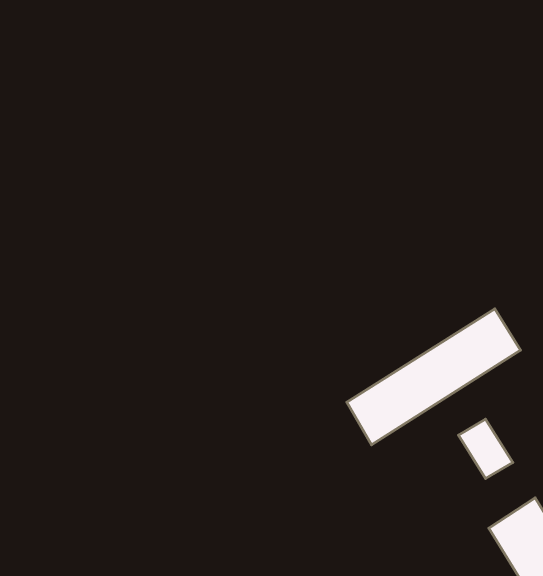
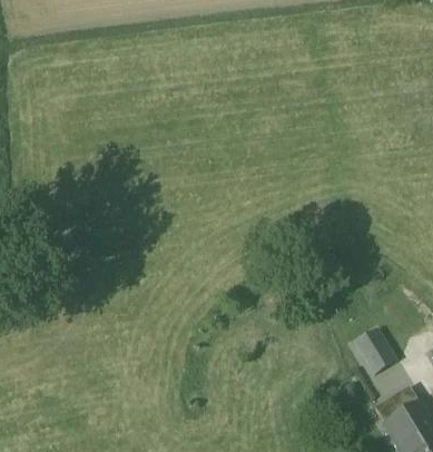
building: [347,309,521,445] -> none

